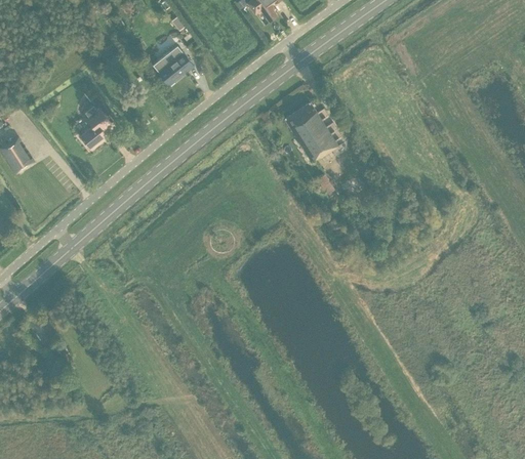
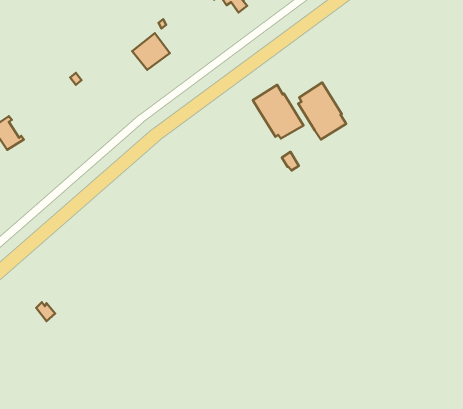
building: none -> [298,83,346,140]
building: [79,103,112,149] -> none

